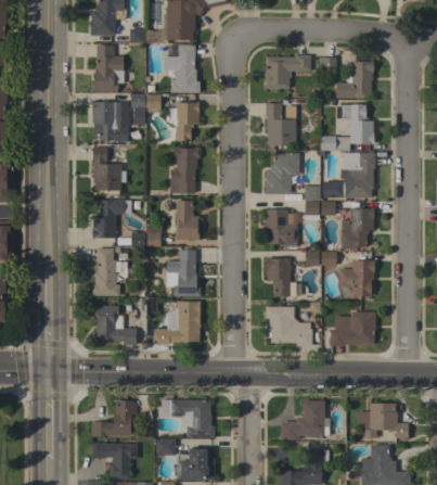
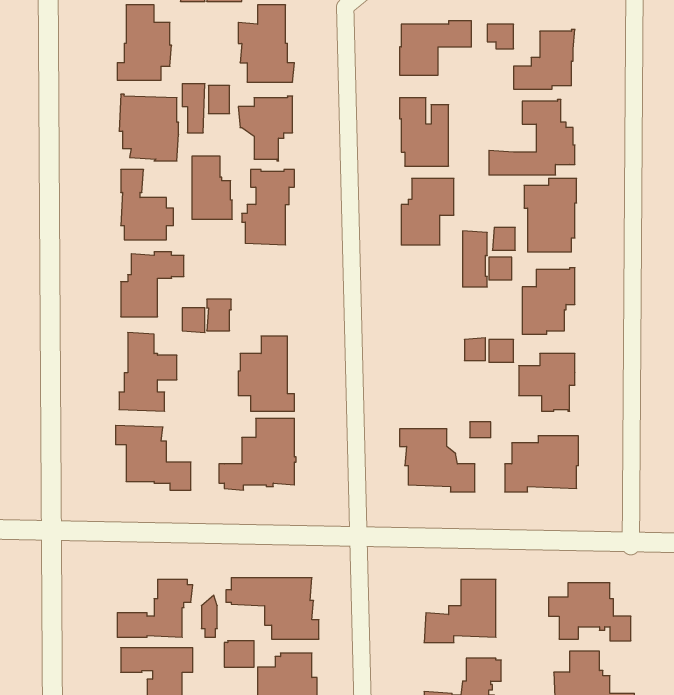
building: [175,202,200,241] -> [192,156,232,219]
building: [265,210,297,247] -> none
building: [266,259,295,297] -> none

